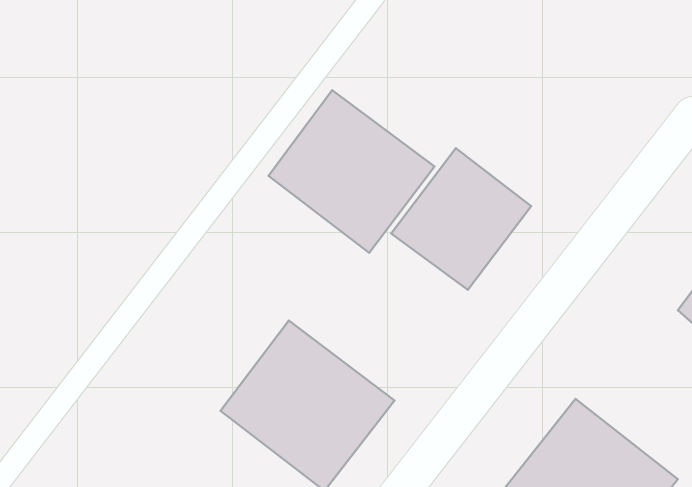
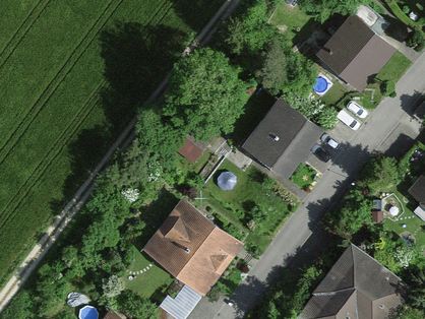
building: none -> [314,12,396,93]
building: [268,90,435,253] -> none

